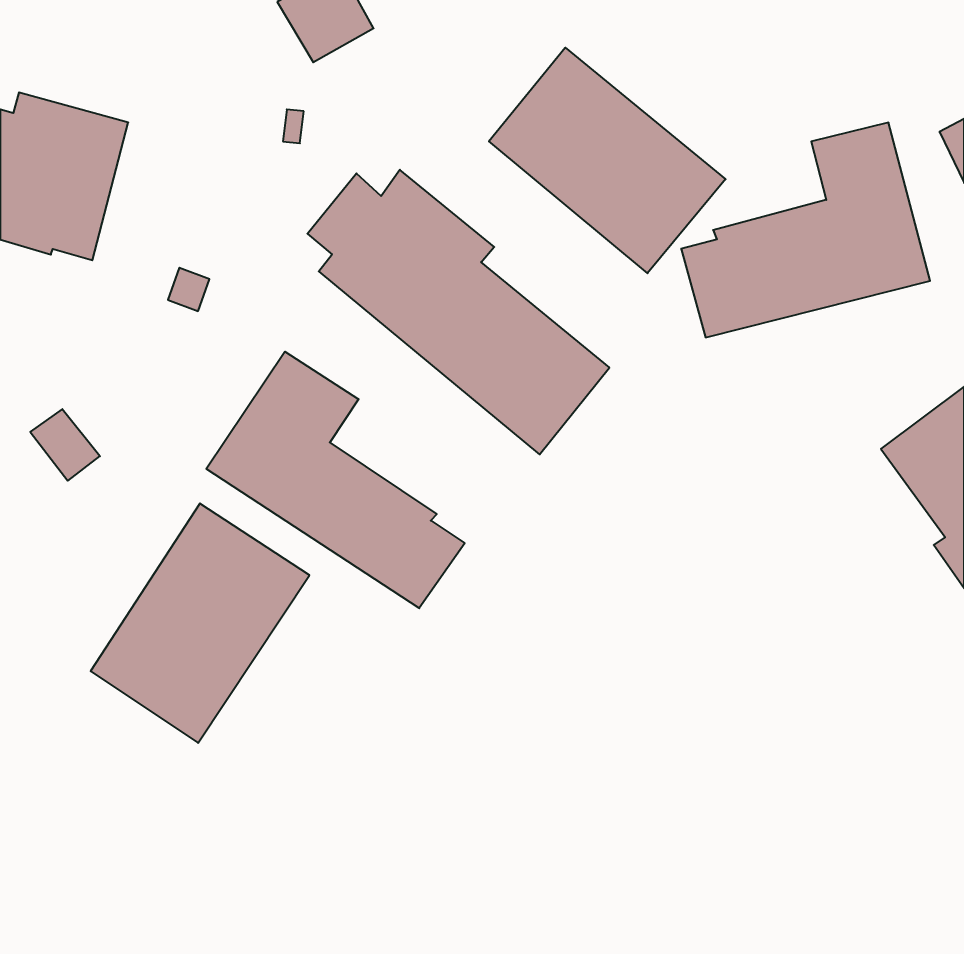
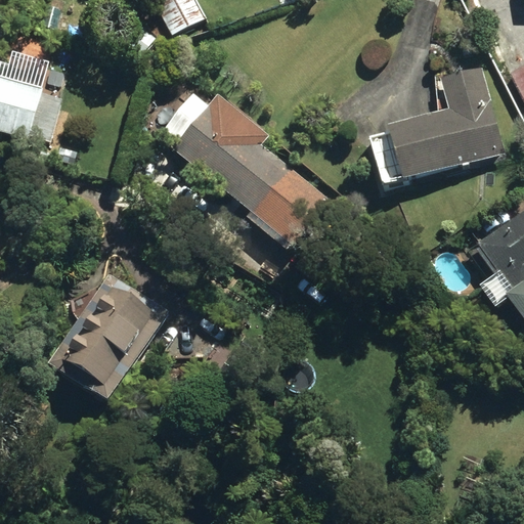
building: [489,48,726,273] -> none
building: [206,352,465,608] -> none

